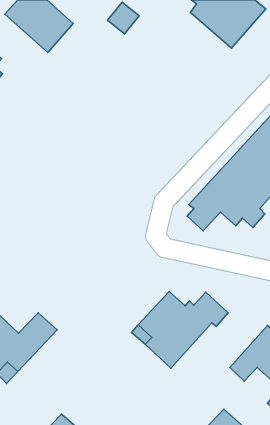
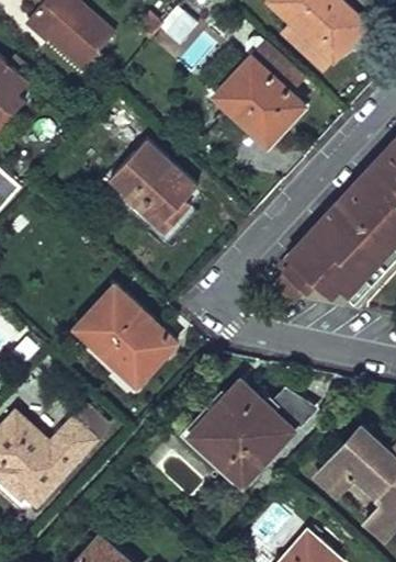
building: none -> [215,52,302,137]
building: none -> [104,146,191,237]
building: none -> [73,280,176,384]

